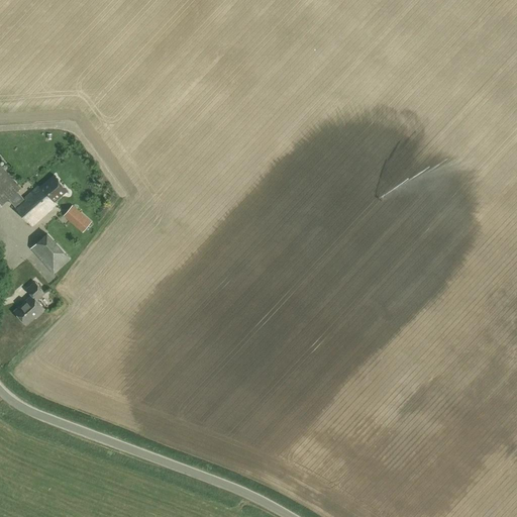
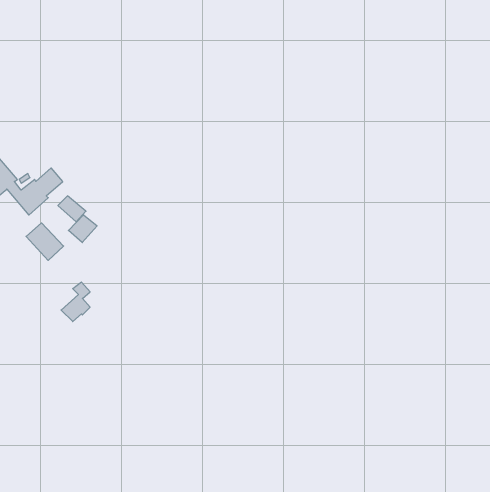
building: none -> [68,215,97,243]
building: [12,282,42,323] -> [61,282,90,322]

